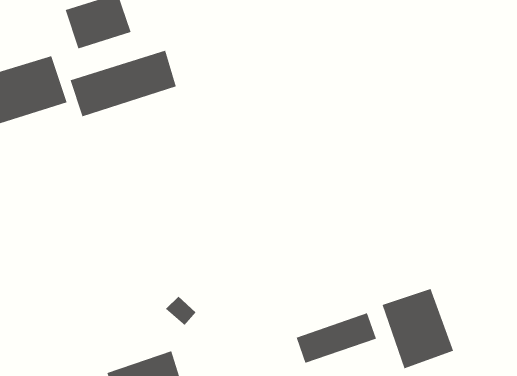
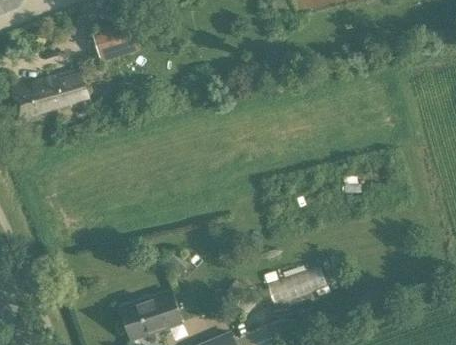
building: [70,50,176,117] -> none
building: [382,288,454,369] -> none

